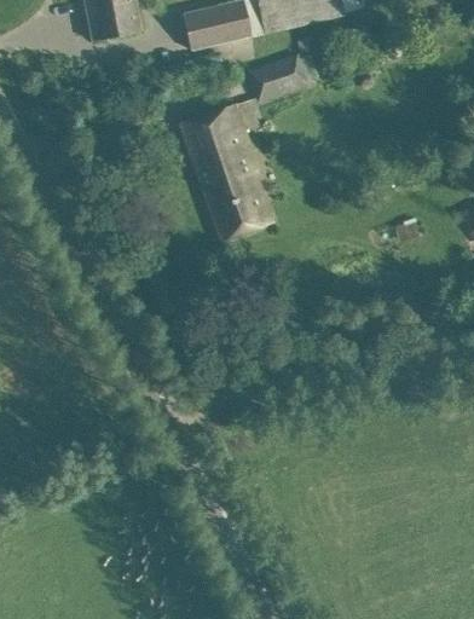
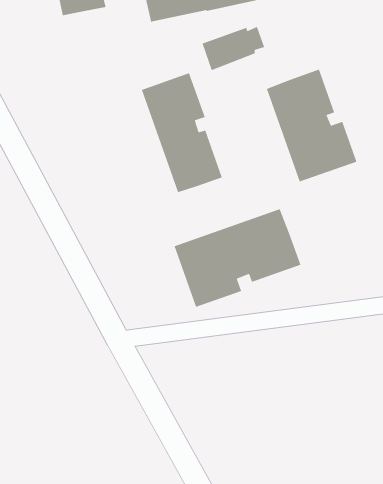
building: none -> [266,69,357,183]
building: none -> [174,208,301,308]

